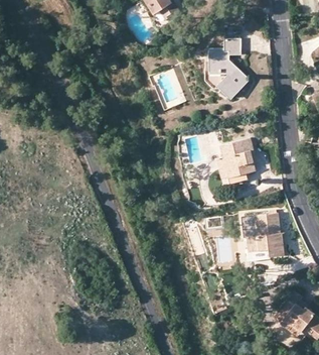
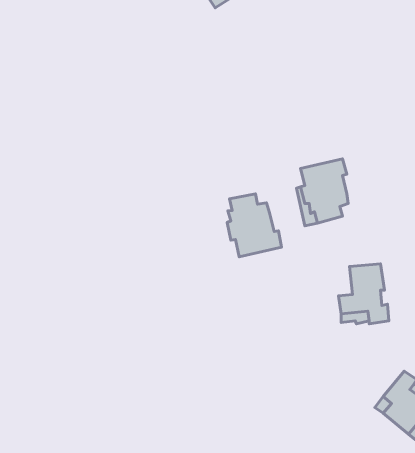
building: [205,38,249,100] -> none
building: none -> [227,194,282,257]

